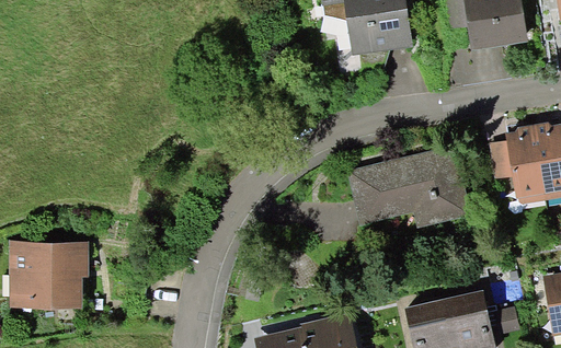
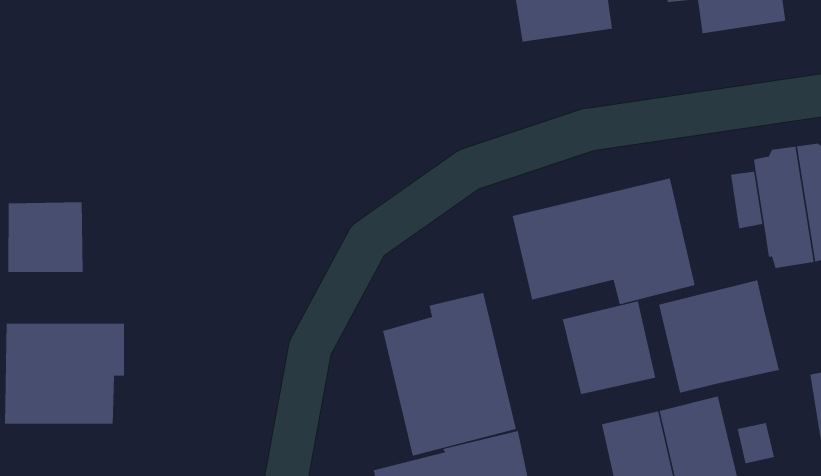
building: none -> [8,201,83,273]
building: none -> [659,280,779,394]
building: none -> [382,292,517,456]
building: none -> [562,300,656,395]

